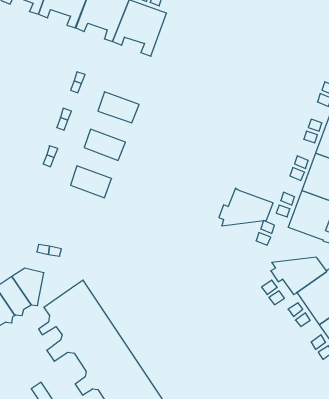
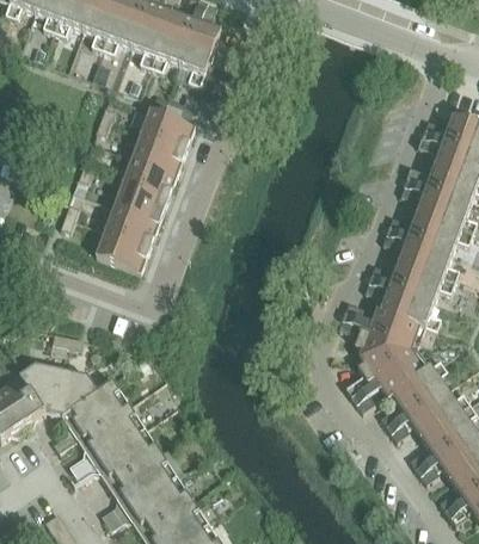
building: none -> [140,106,195,148]
building: none -> [122,156,176,197]
building: none -> [104,204,158,245]
building: [219,188,273,226] -> [355,305,425,354]
building: none -> [53,367,97,413]

